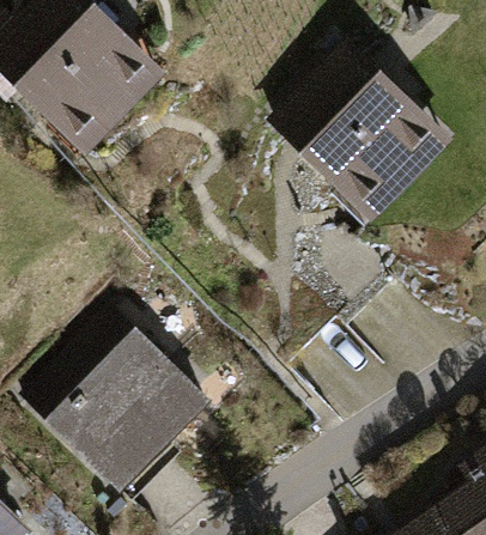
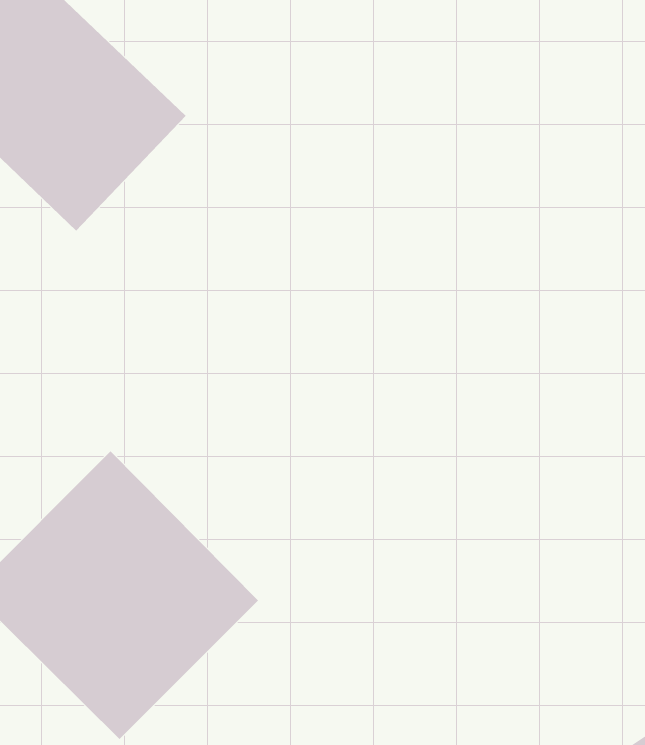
building: [271,39,451,221] -> none

